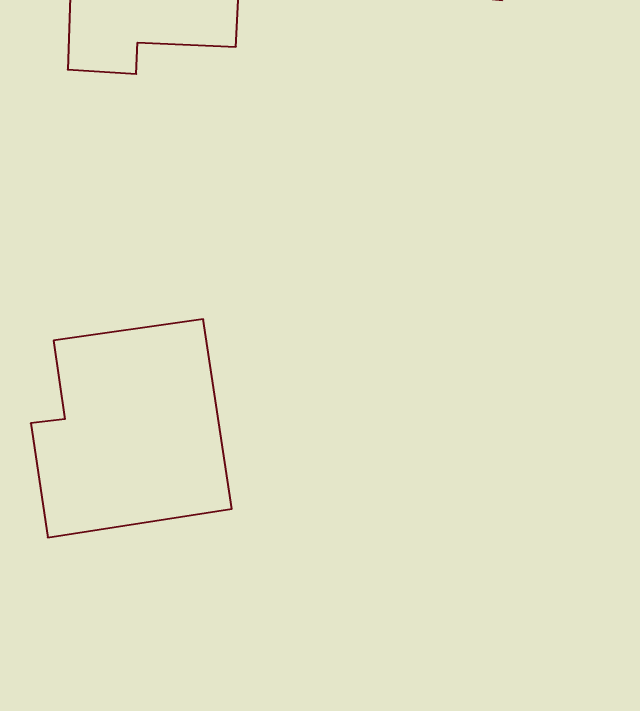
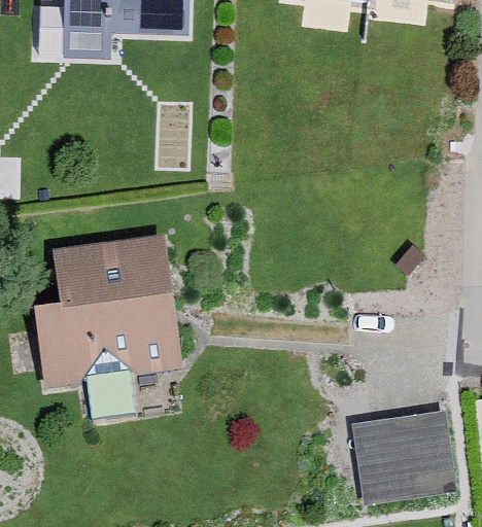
building: none -> [348,409,457,505]

